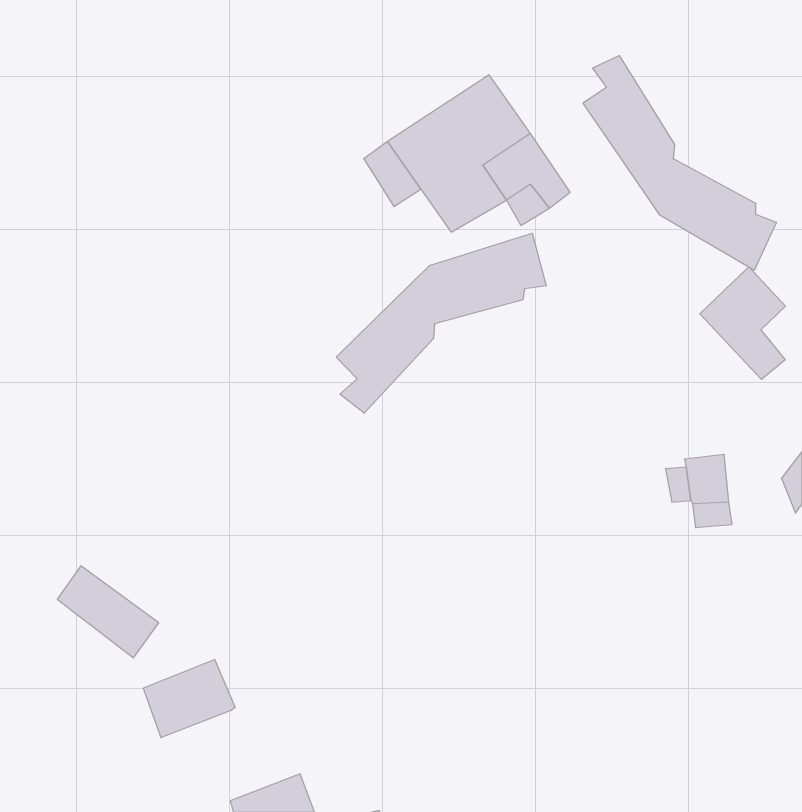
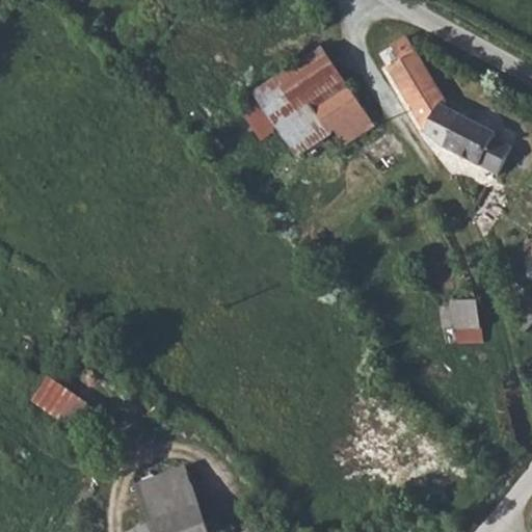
building: [336,233,546,413] -> none
building: [700,267,786,379] -> none
building: [143,660,235,738] -> [139,473,200,524]

